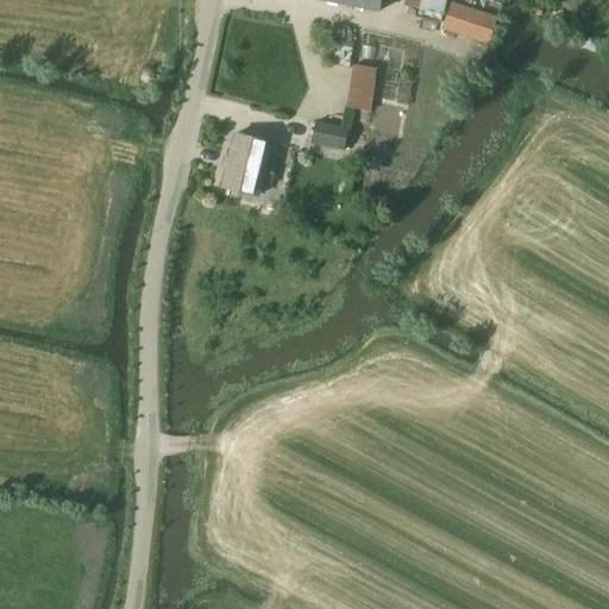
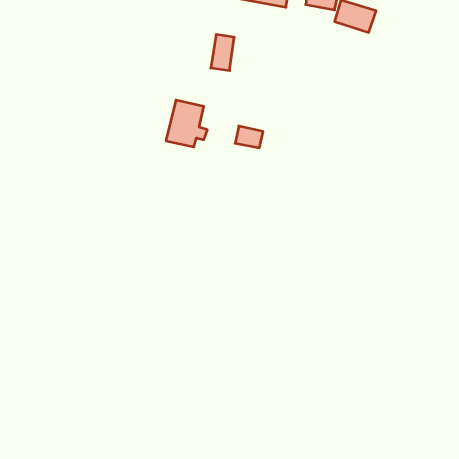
building: [344,63,375,111] -> [211,35,234,71]
building: [310,120,347,149] -> [235,126,263,148]

